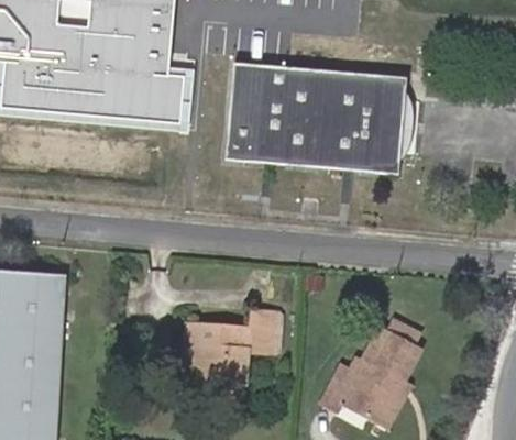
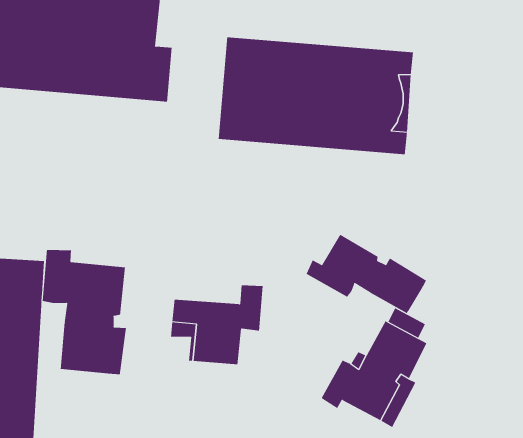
building: none -> [306,234,427,314]
building: none -> [42,249,126,375]

